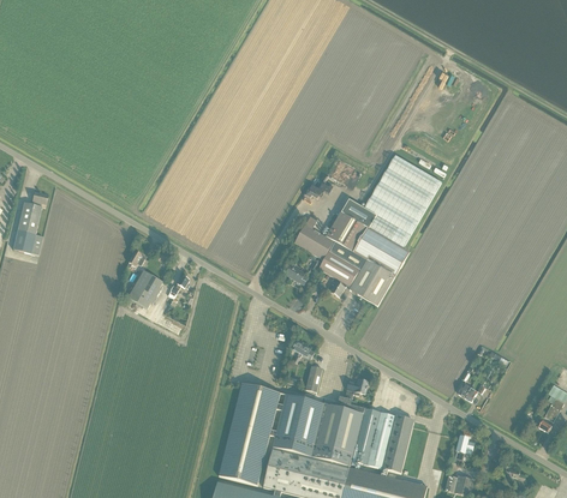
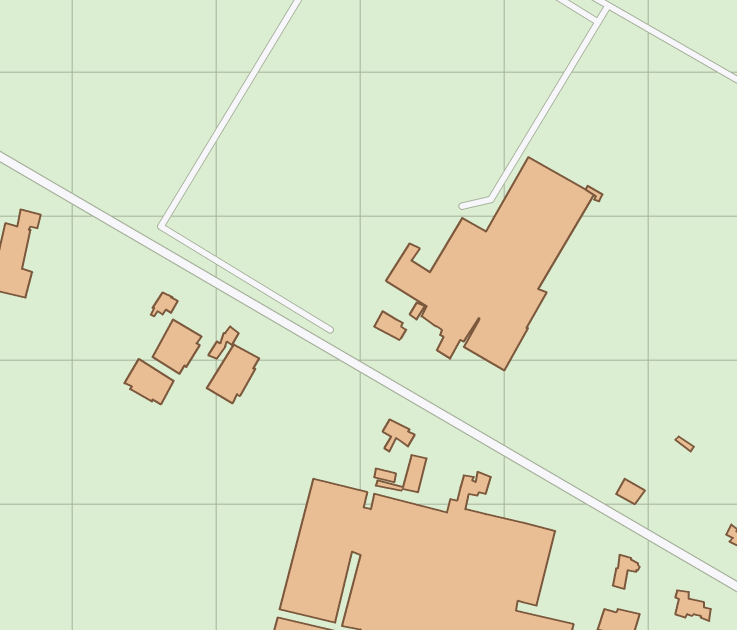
building: none -> [207,344,259,403]
building: none -> [124,359,174,404]

